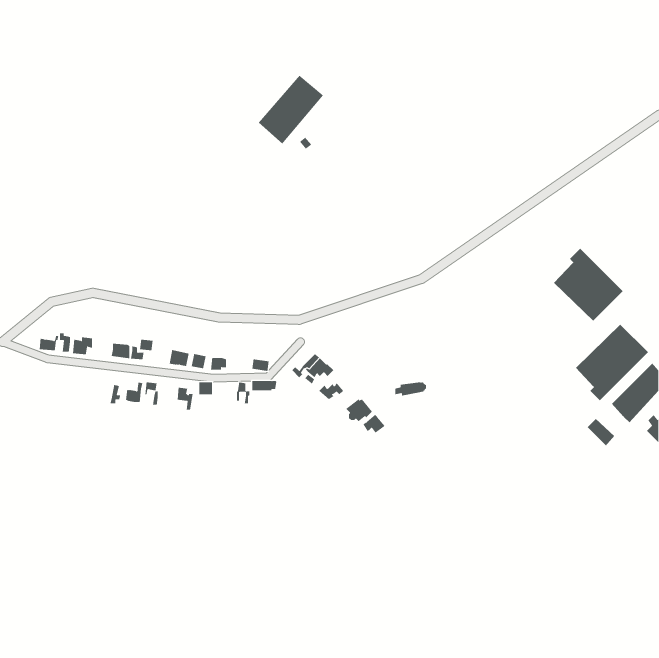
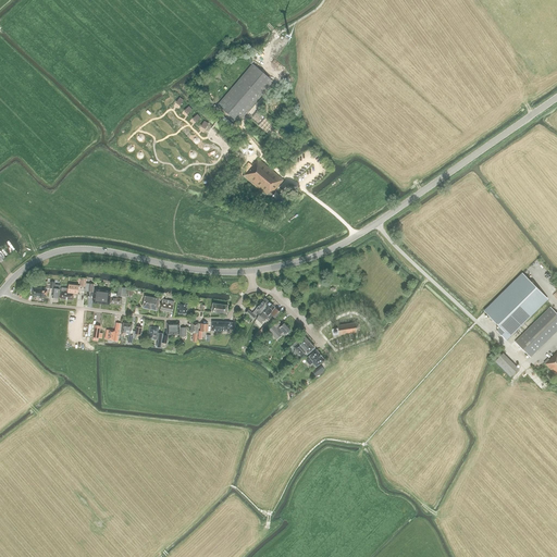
building: none -> [244,158,284,203]
building: [553,248,623,321] -> none

